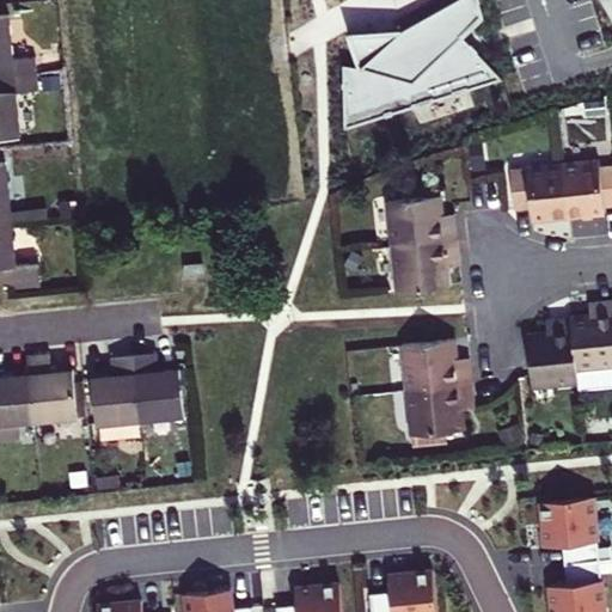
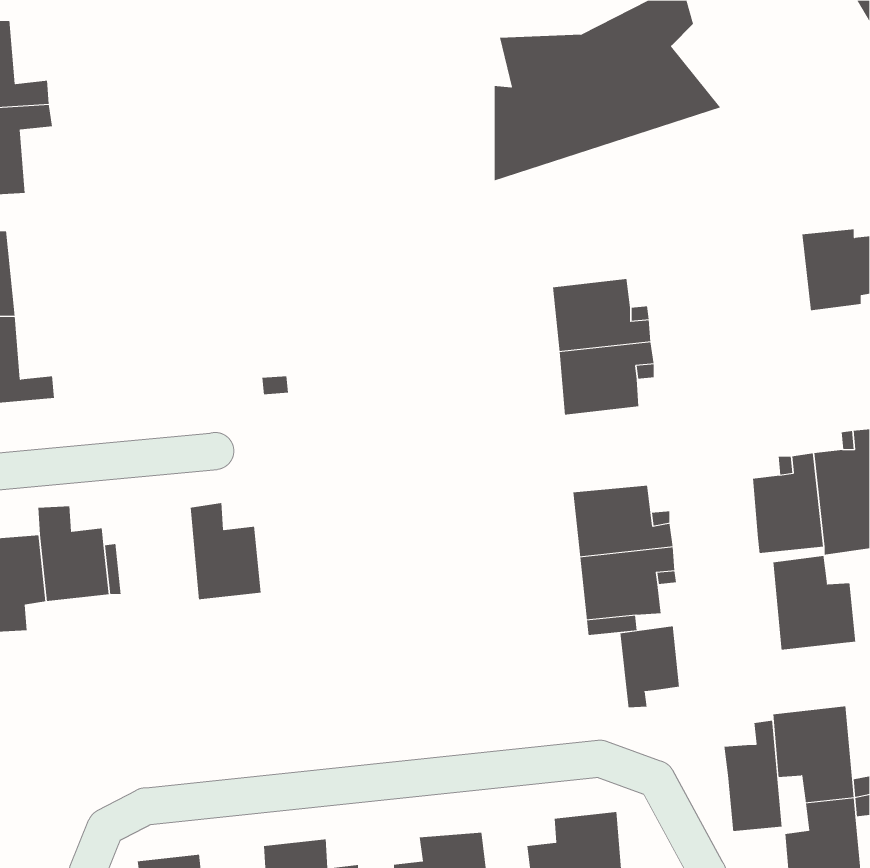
building: [509,167,567,224] -> none
building: [91,359,139,428] -> none
building: none -> [773,555,856,650]
building: none -> [620,626,680,708]
building: none -> [724,720,782,832]

